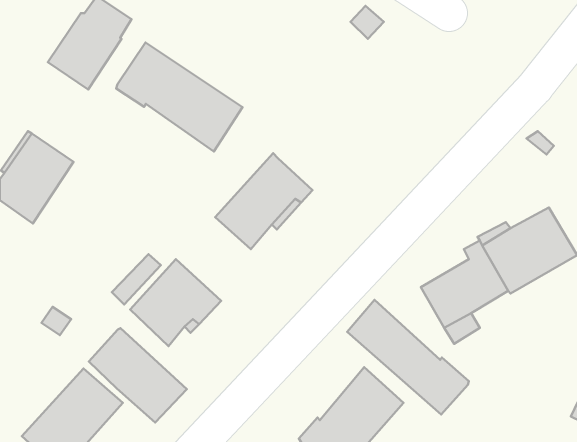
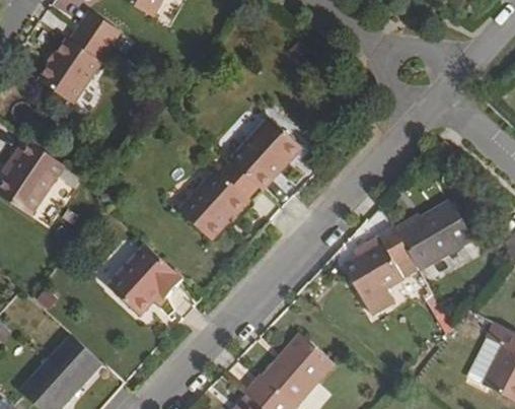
building: [116,42,242,151] -> none
building: none -> [230,119,297,187]
building: [347,300,469,414] -> none
building: [89,328,187,423] -> none

